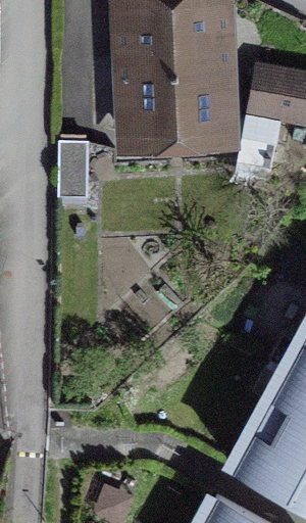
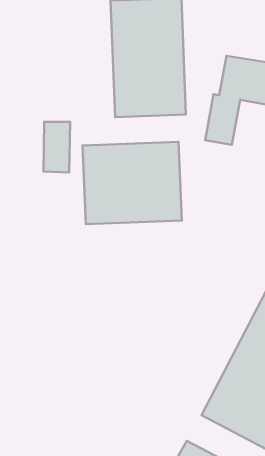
building: none -> [83,142,182,224]

